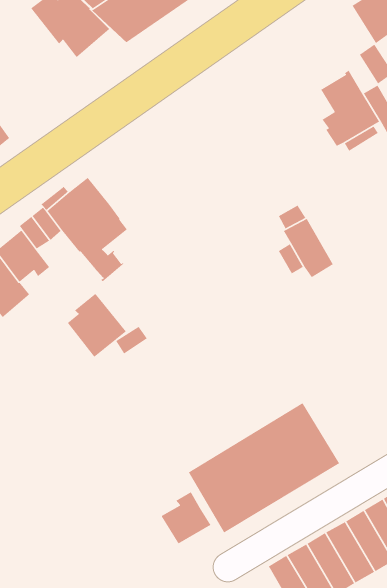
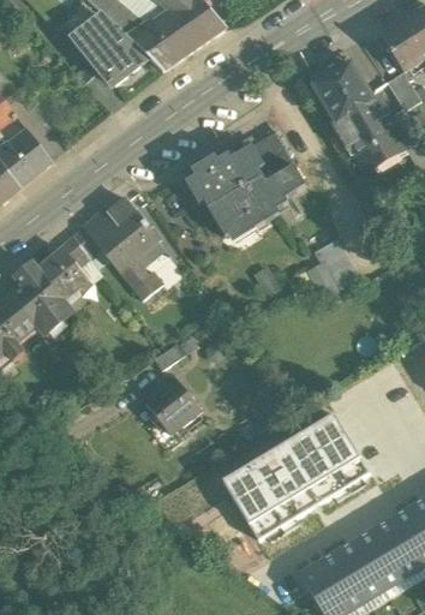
building: none -> [309,56,373,148]
building: none -> [185,131,303,235]
building: [67,293,127,358] -> [142,372,199,435]
building: [161,491,211,544] -> none

